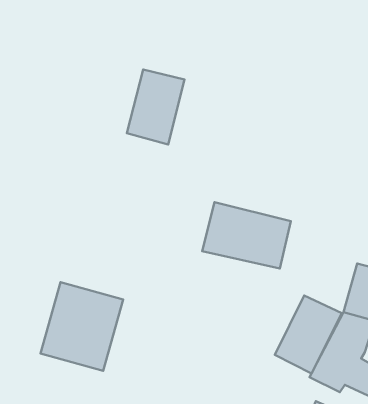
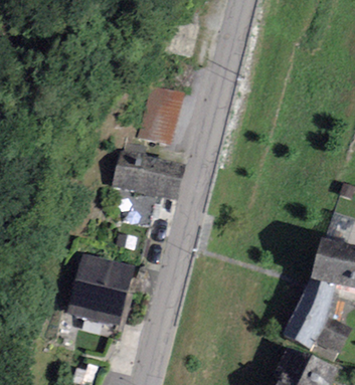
building: [202,202,291,269] -> [110,151,181,204]
building: [275,295,342,374] -> none

